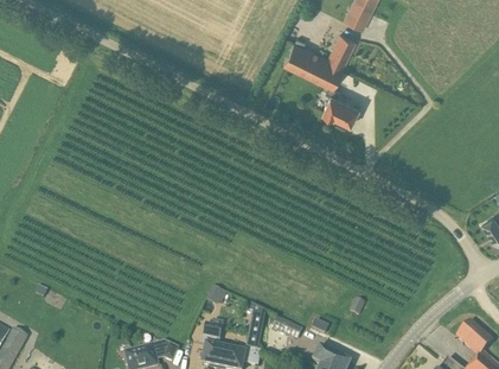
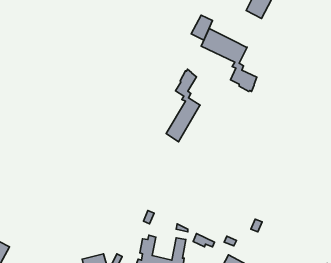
building: [327,34,356,68] -> [191,15,213,40]
building: none -> [166,69,200,142]

